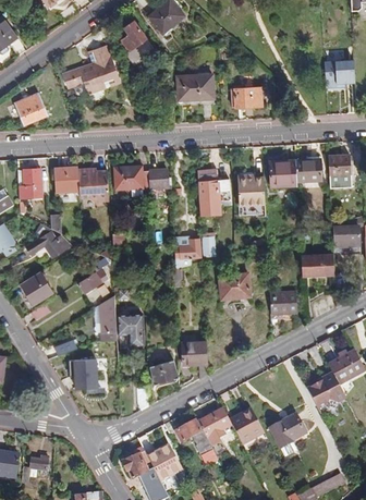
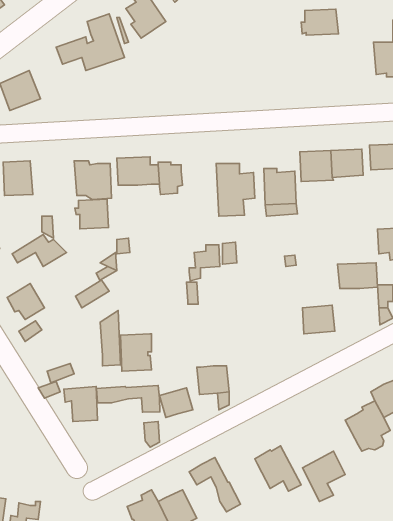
building: [176,73,213,99] -> none
building: [231,86,263,108] -> [301,9,338,35]
building: [50,166,78,191] -> [75,199,108,229]
building: [219,272,251,298] -> none
building: none -> [96,385,160,412]
building: [198,407,232,437] -> none

